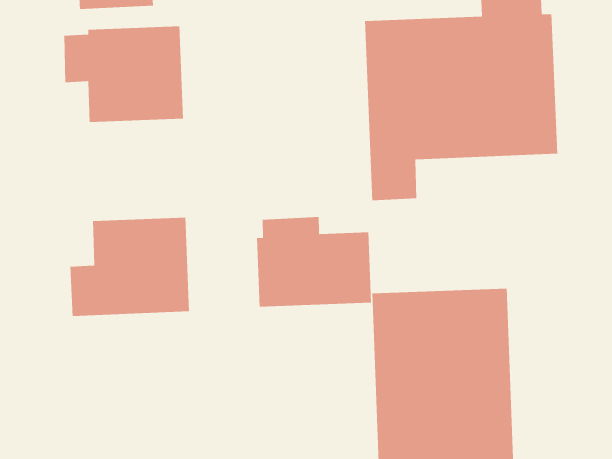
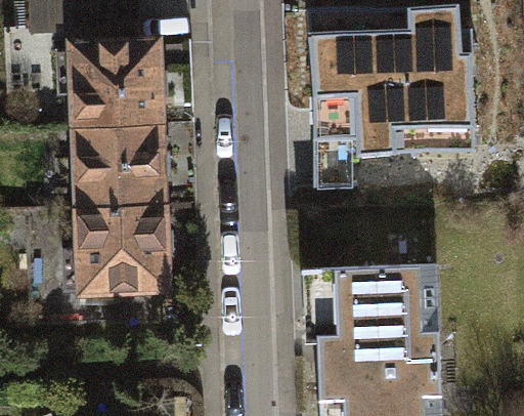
building: none -> [77,122,160,208]
building: [256,216,372,308] -> none

